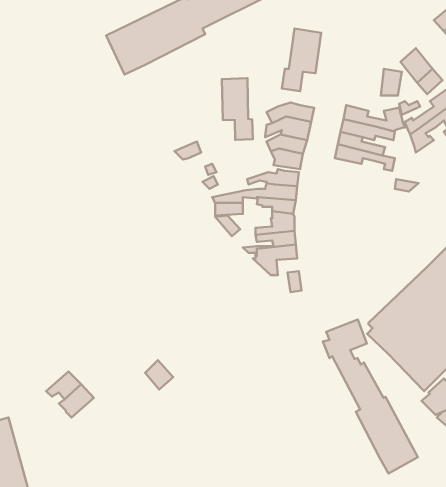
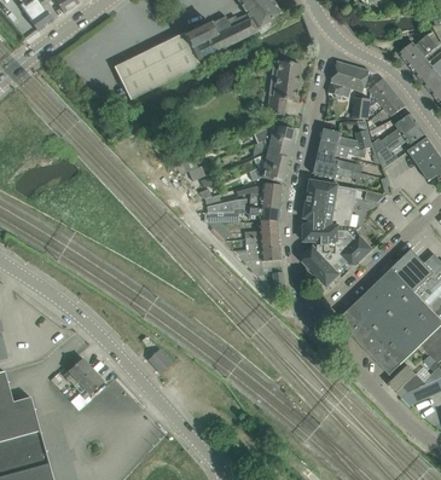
building: none -> [329,62,370,98]
building: [222,78,253,140] -> none
building: none -> [303,177,373,285]
building: [323,320,418,474] -> none

